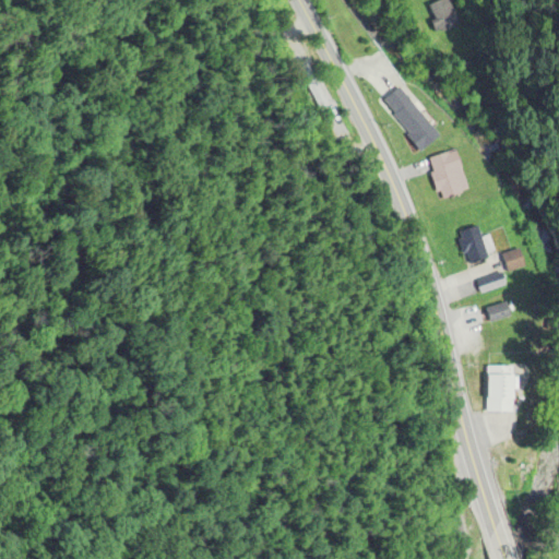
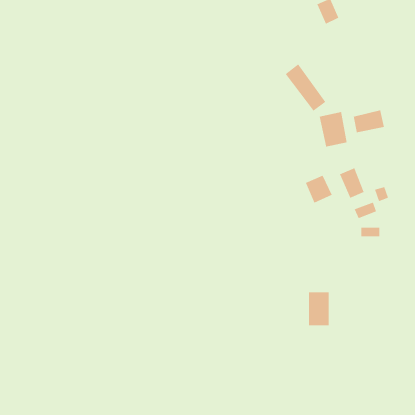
building: none -> [353,110,385,133]
building: none -> [305,175,333,203]
building: [487,365,515,411] -> [308,292,329,326]

